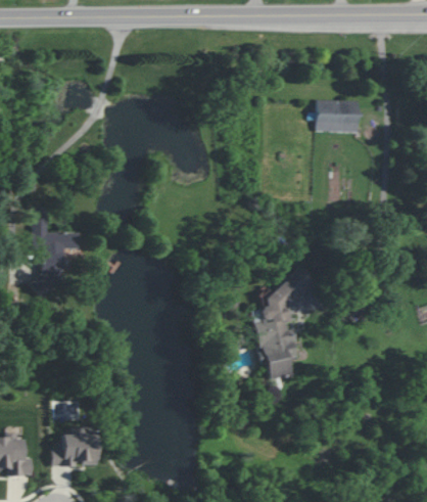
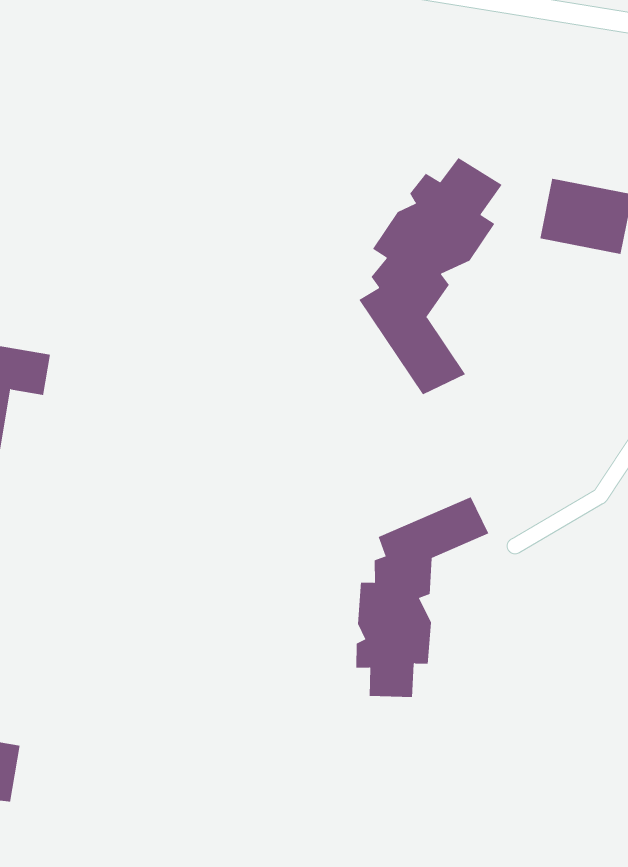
building: none -> [359,157,503,395]

